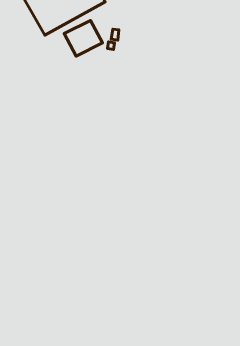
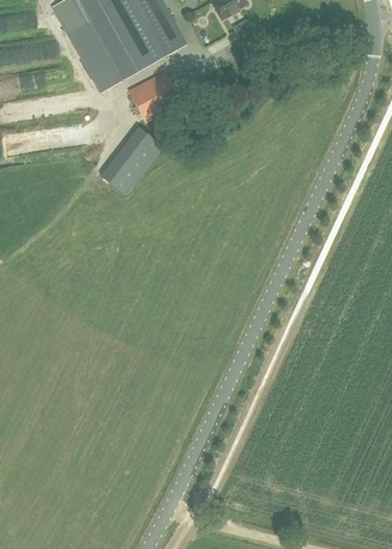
building: none -> [102,127,163,193]

